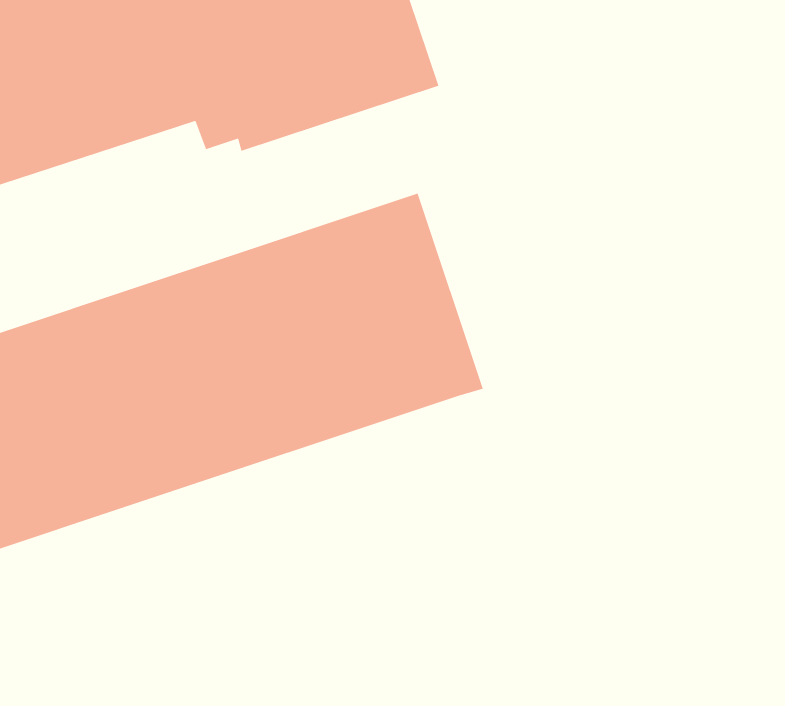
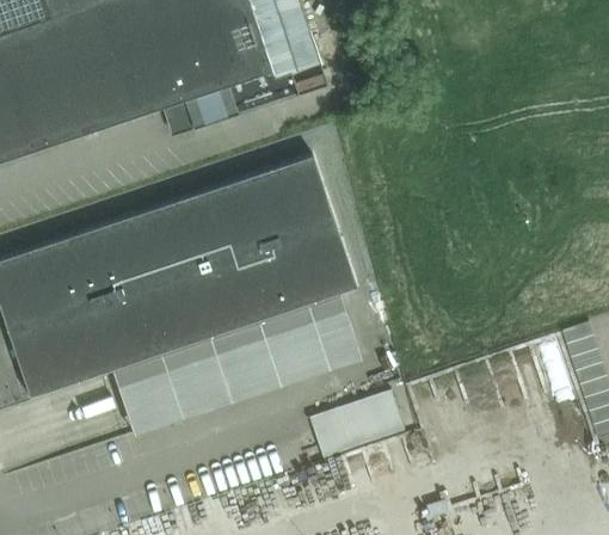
building: none -> [110,291,362,435]
building: none -> [307,388,404,457]

